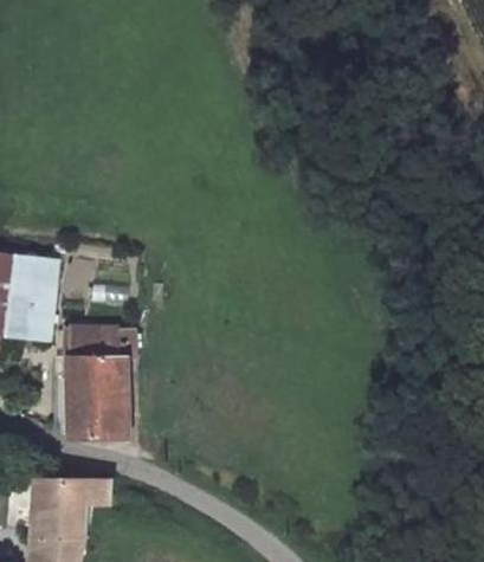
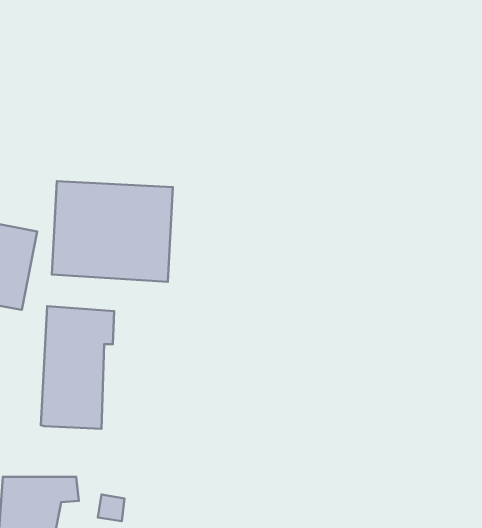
building: none -> [52,181,173,282]

